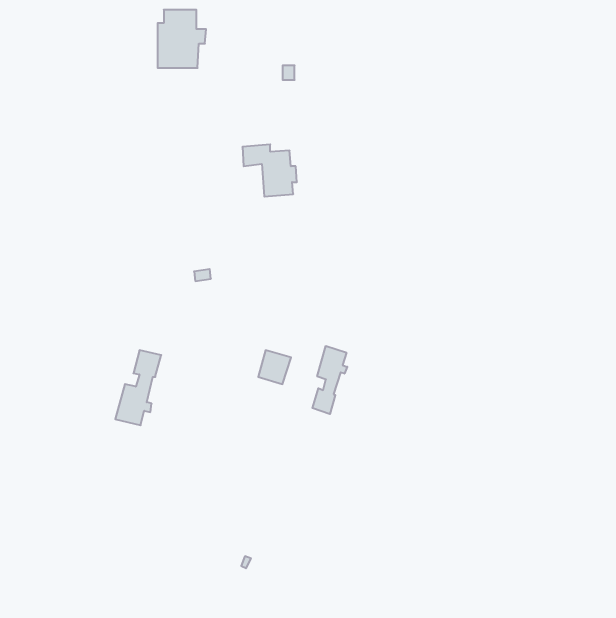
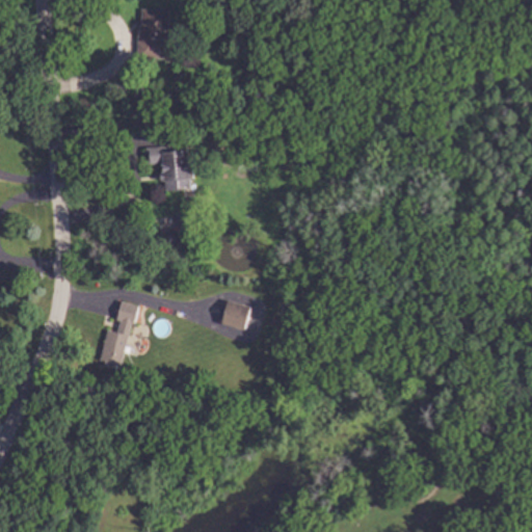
building: [242,144,297,197] -> [145,147,192,191]
building: [312,346,347,414] -> none

